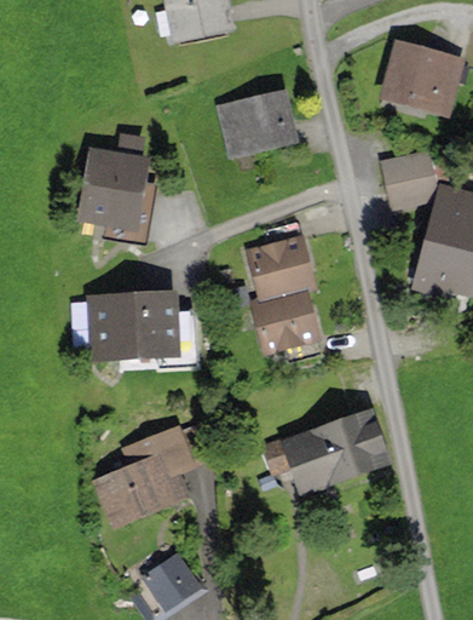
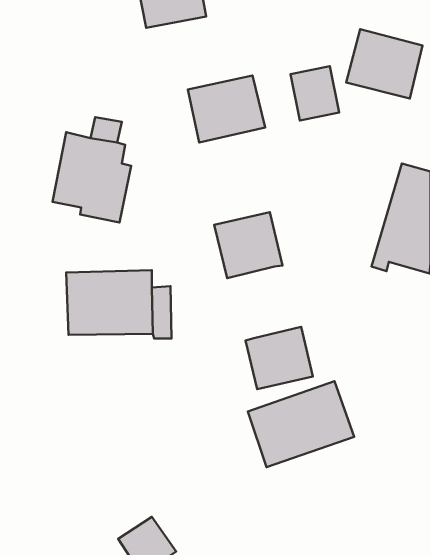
building: [381,153,432,209] -> [291,66,339,121]
building: [249,289,319,355] -> [246,327,313,389]
building: [93,424,197,532] -> none

